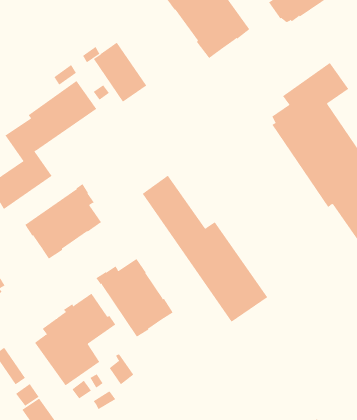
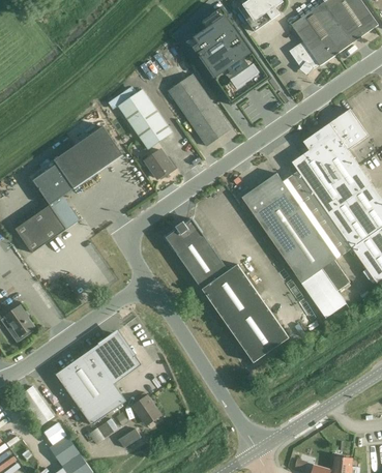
building: none -> [168,72,230,145]
building: none -> [145,149,177,178]
building: none -> [241,169,349,317]
building: [25,183,102,260] -> none
building: [95,258,174,337] -> none

